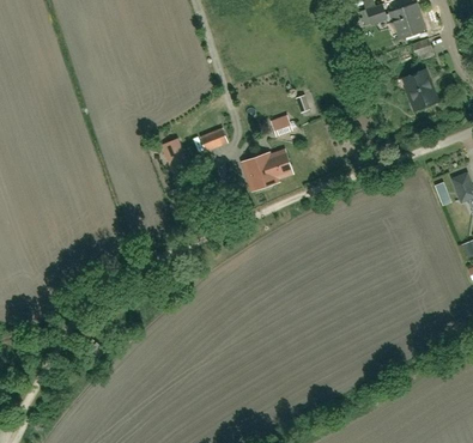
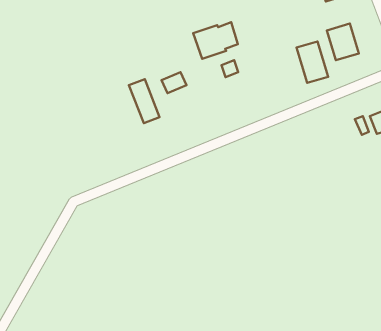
building: none -> [297,41,328,83]
building: [239,145,293,189] -> [193,22,238,59]

